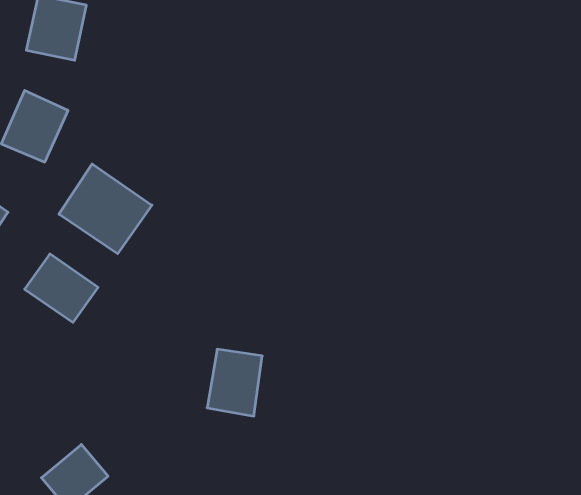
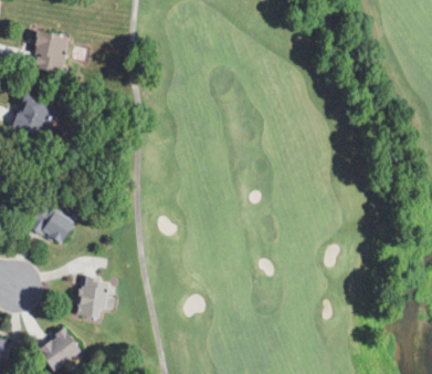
building: [59,164,152,254] -> none
building: [207,349,262,416] -> [74,274,110,319]

